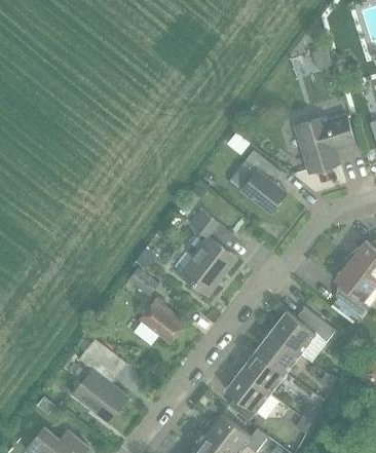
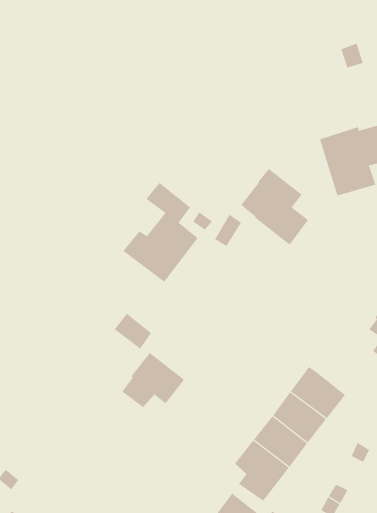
building: [174,212,235,293] -> [123,182,199,282]
building: [295,305,335,362] -> none
building: [72,338,127,422] -> none

